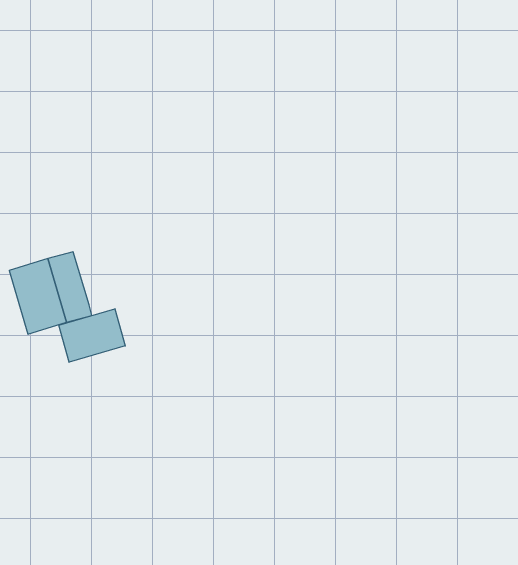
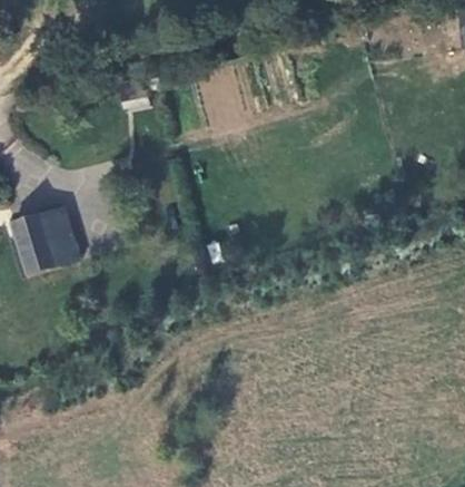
building: [59,309,125,362] -> none

